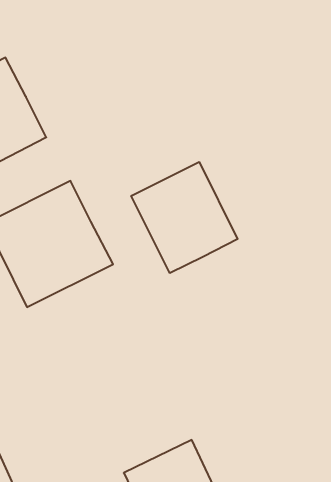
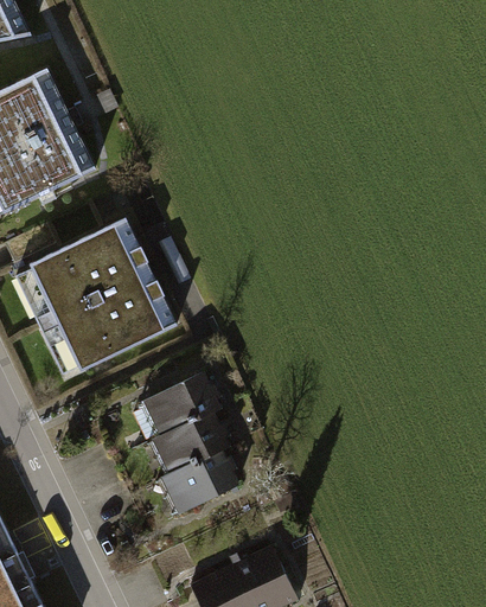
building: [131,162,238,273] -> none
building: none -> [142,375,228,520]

